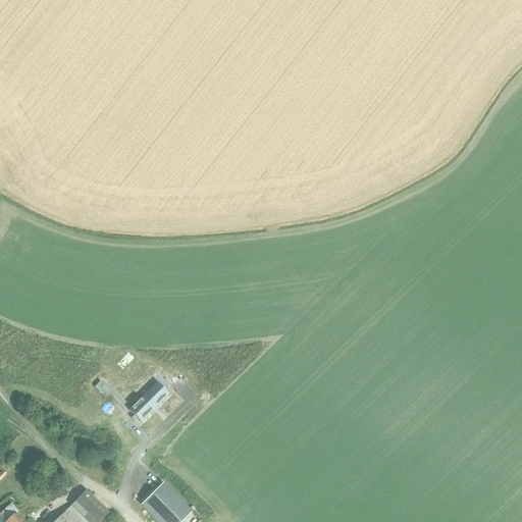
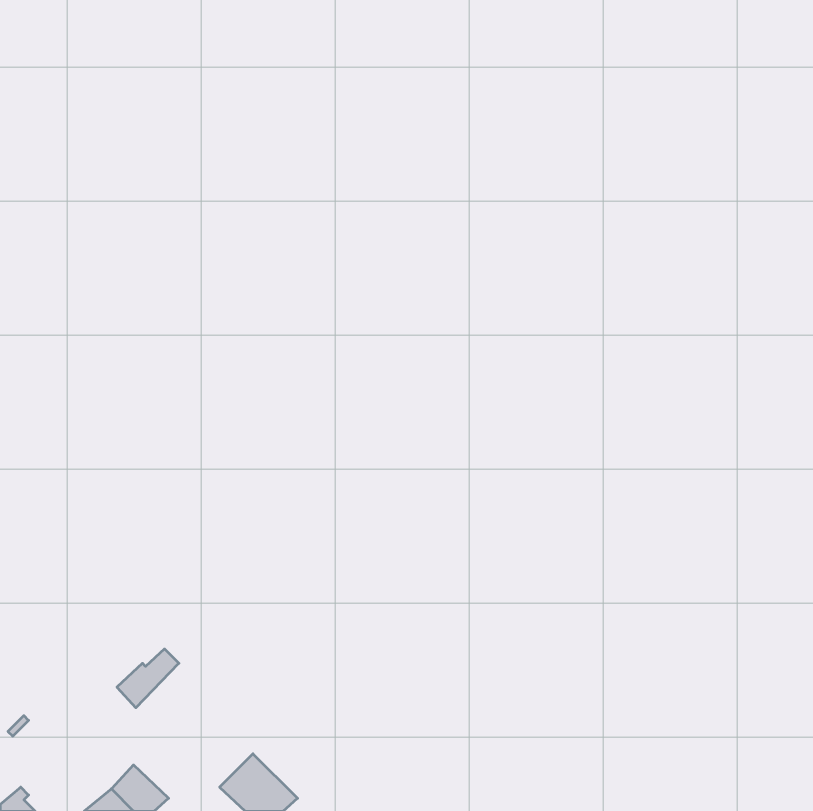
building: [128,384,168,422] -> [117,649,179,708]

